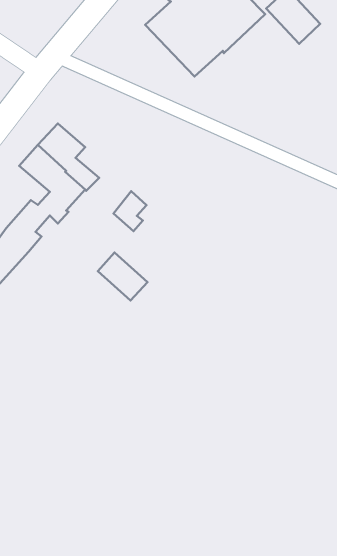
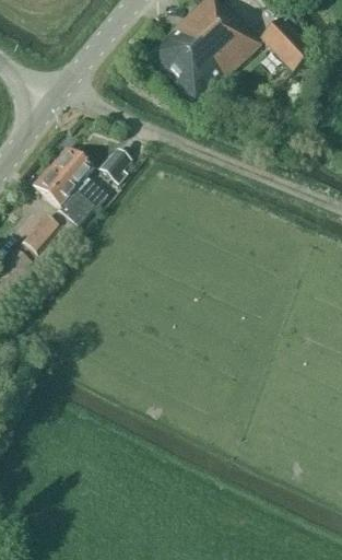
building: [113,191,146,231] -> [101,145,131,183]
building: [98,253,147,301] -> none

